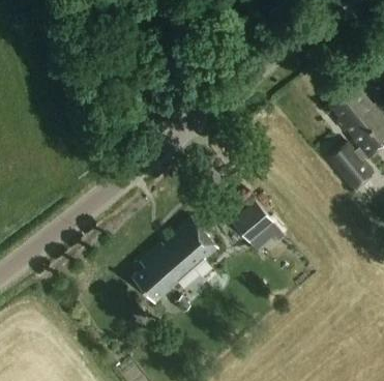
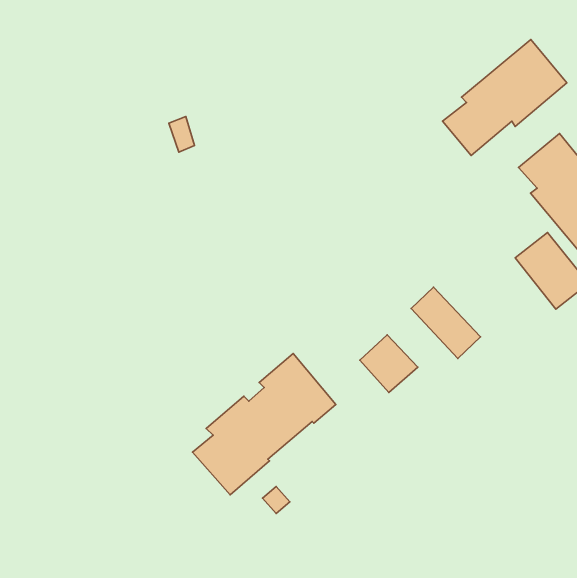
building: none -> [442,40,567,156]
building: none -> [411,287,480,358]

